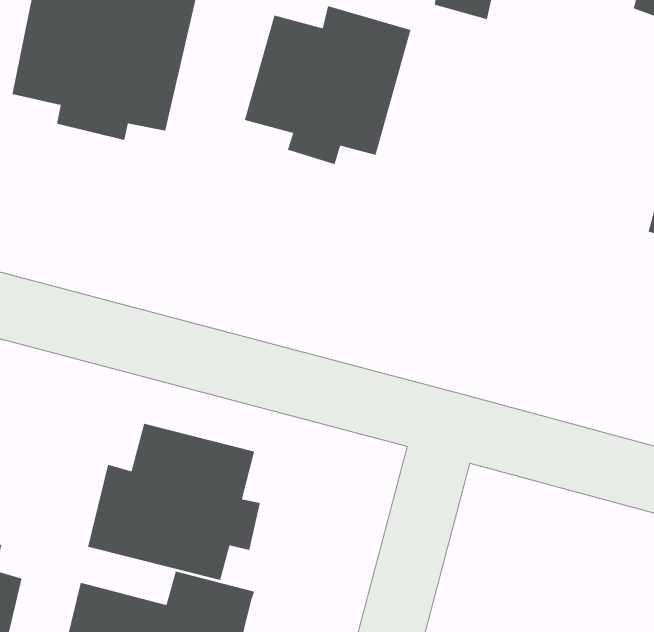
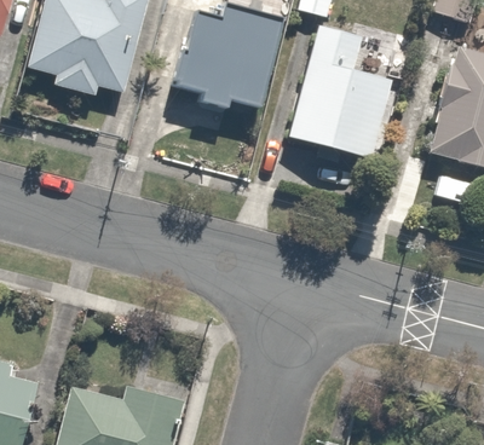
building: none -> [284,25,392,160]
building: [87,423,261,581] -> none

